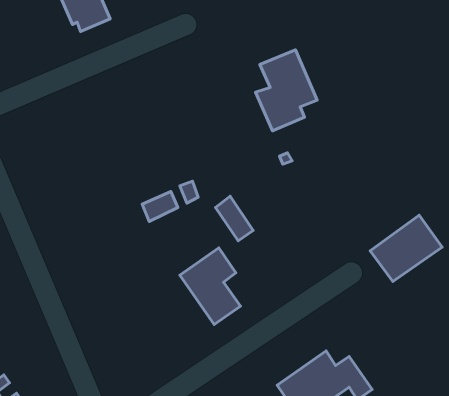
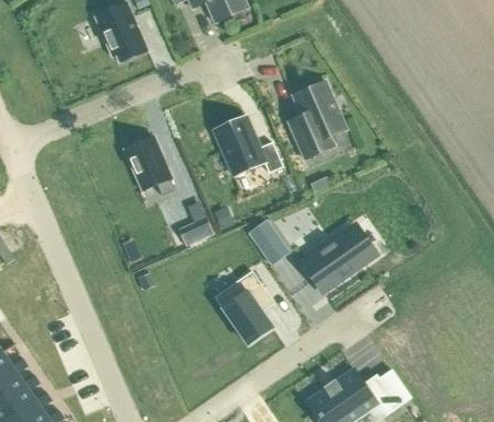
building: none -> [214,115,283,175]
building: none -> [124,136,175,196]
building: [370,215,442,282] -> [302,227,370,291]

